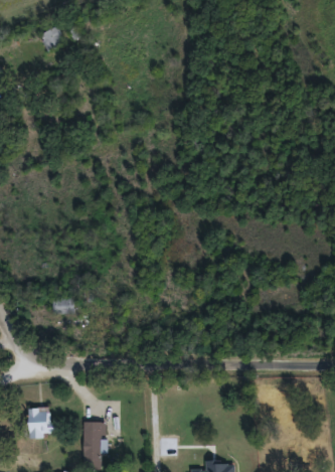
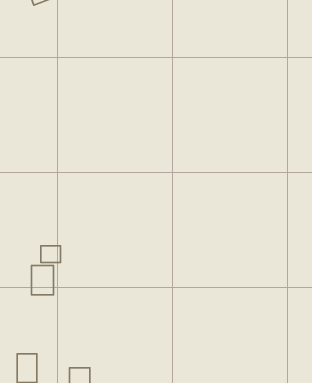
building: none -> [32,266,54,295]

